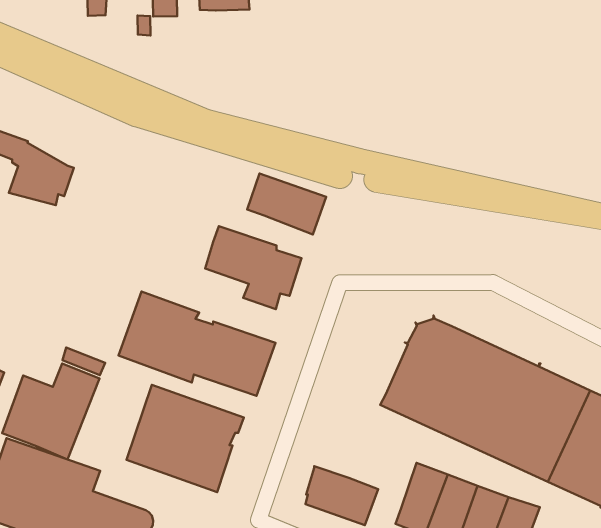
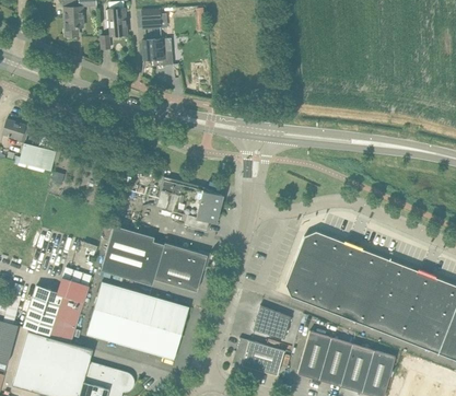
building: none -> [142,39,173,67]
building: [247,173,326,234] -> none
building: none -> [86,282,125,341]
building: none -> [253,305,291,340]

